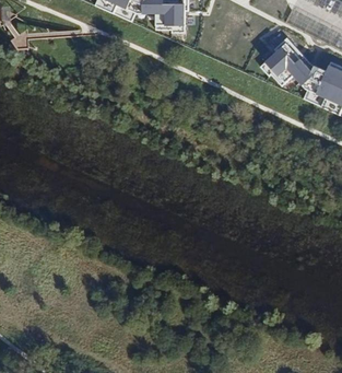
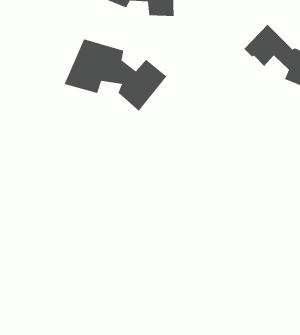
building: none -> [64,39,167,112]

